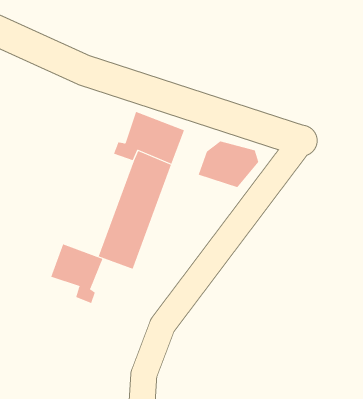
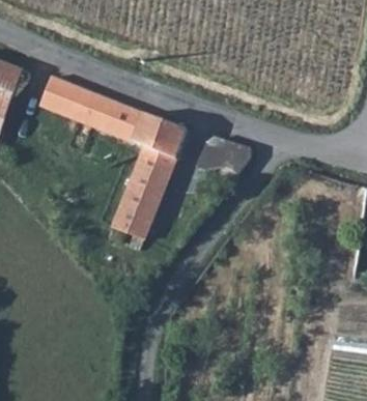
building: none -> [43,76,142,139]
building: [50,244,103,304] -> none

